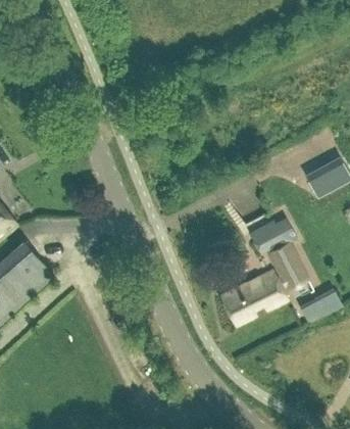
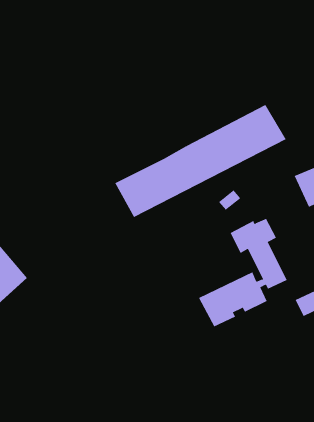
building: none -> [115,104,286,218]

